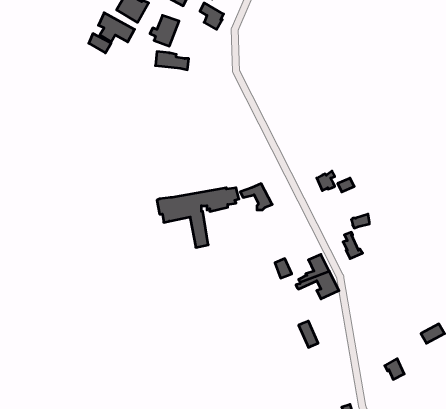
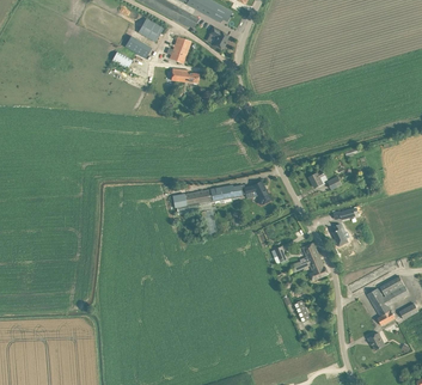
building: none -> [367,275,410,324]

